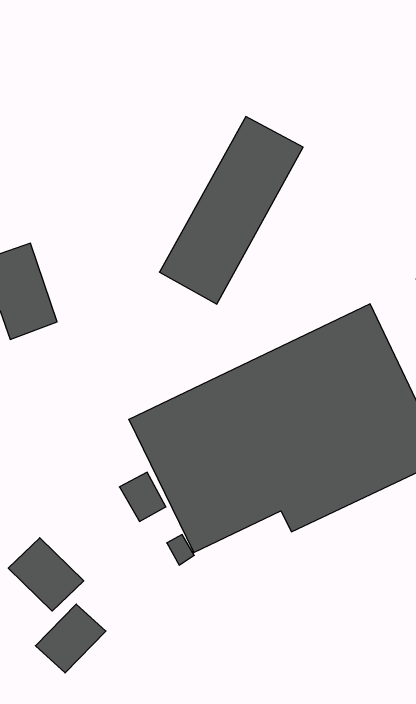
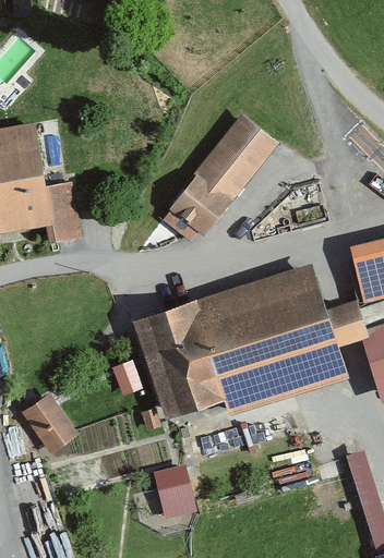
building: [35,604,106,673] -> none
building: none -> [155,464,196,518]

